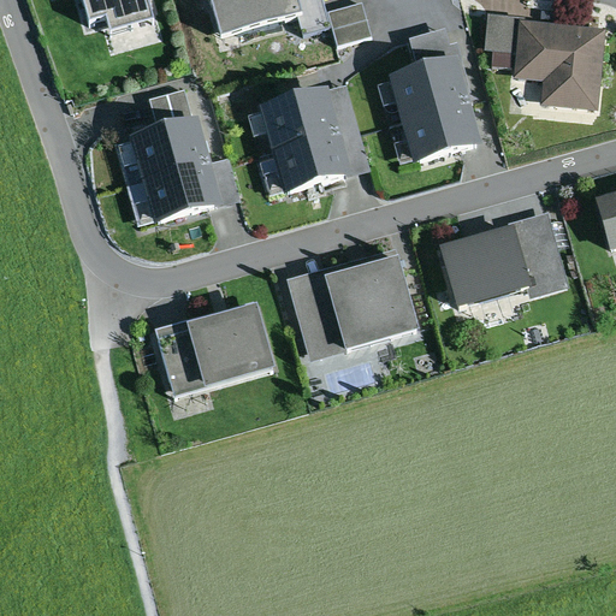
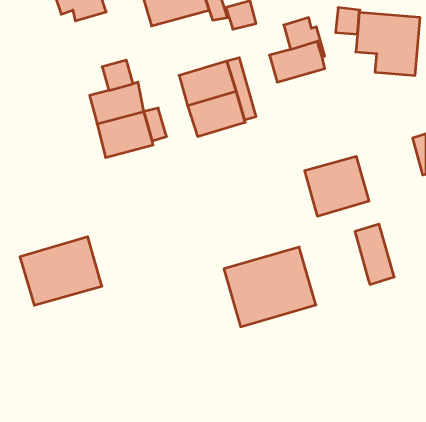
building: [398,99,480,162] -> none
building: [511,209,568,296] -> [355,224,394,284]
building: [285,248,417,362] -> [224,247,316,327]
building: [154,300,272,398] -> [20,237,102,305]

